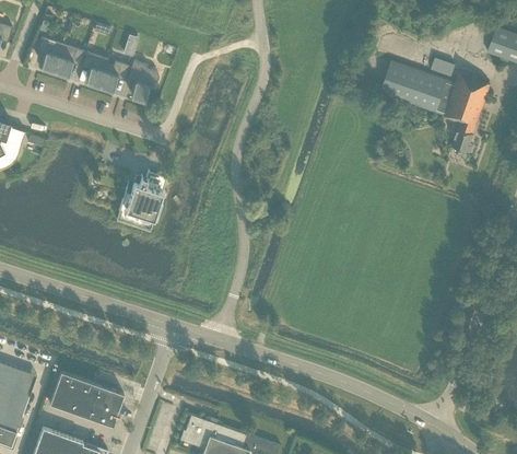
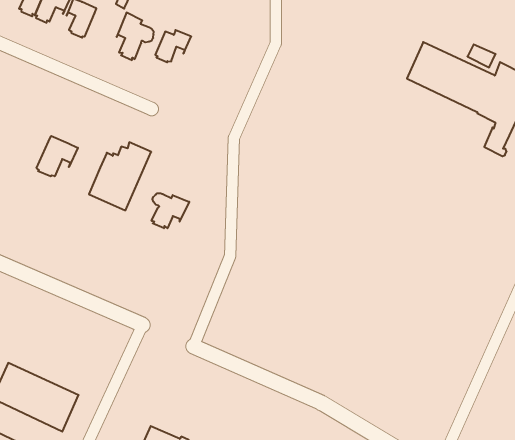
building: [99,61,129,90] -> [155,30,191,62]
building: none -> [37,136,78,176]
building: none -> [152,193,189,228]

